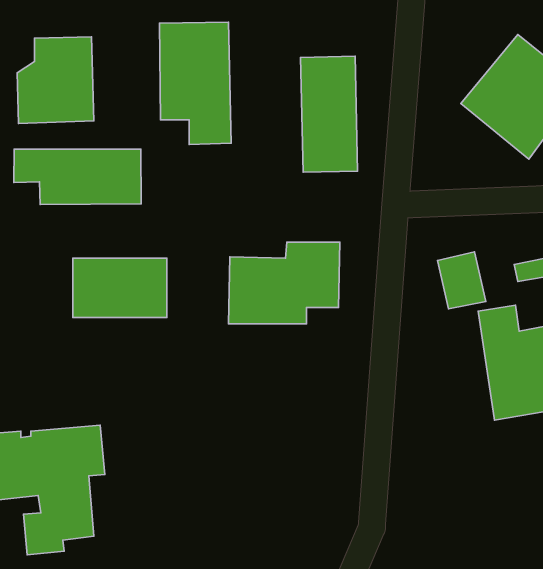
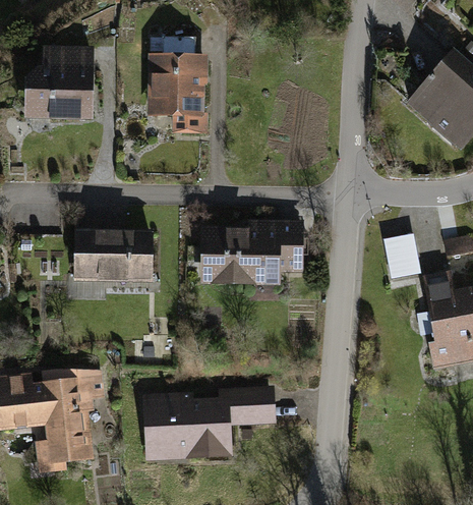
building: [301,56,358,172] -> none
building: [14,149,141,205] -> none
building: none -> [143,384,279,461]

